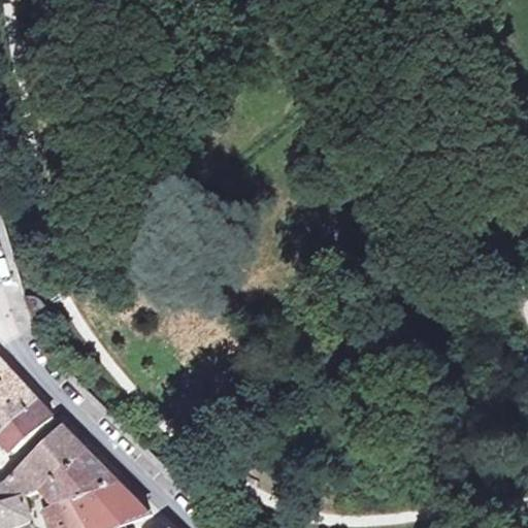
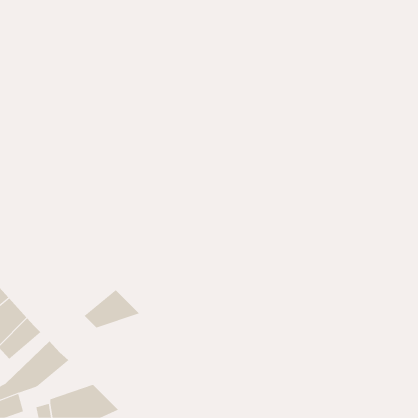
building: [46,451,117,499] -> [84,290,140,328]

